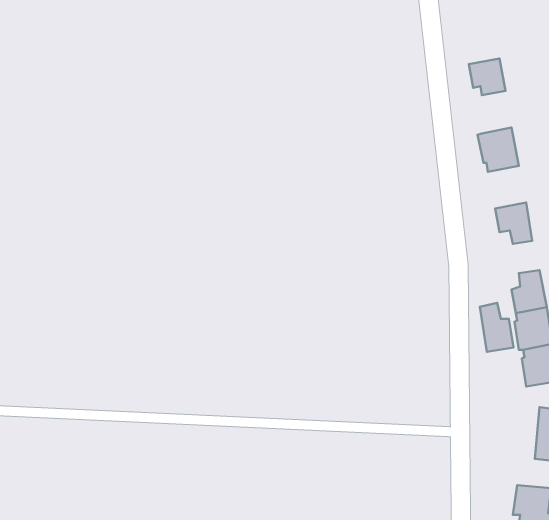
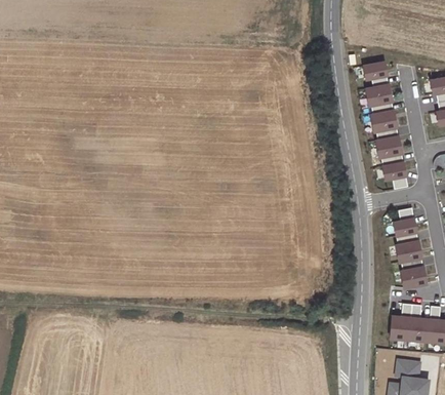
building: none -> [364,83,393,113]
building: none -> [374,135,403,165]
building: [480,303,513,352] -> none
building: none -> [390,304,412,340]

